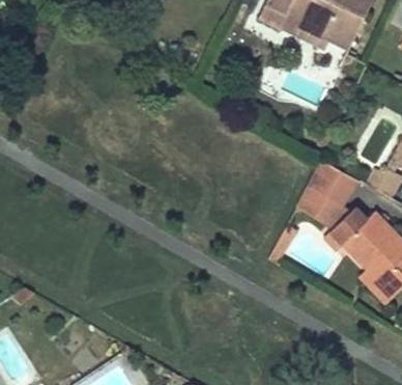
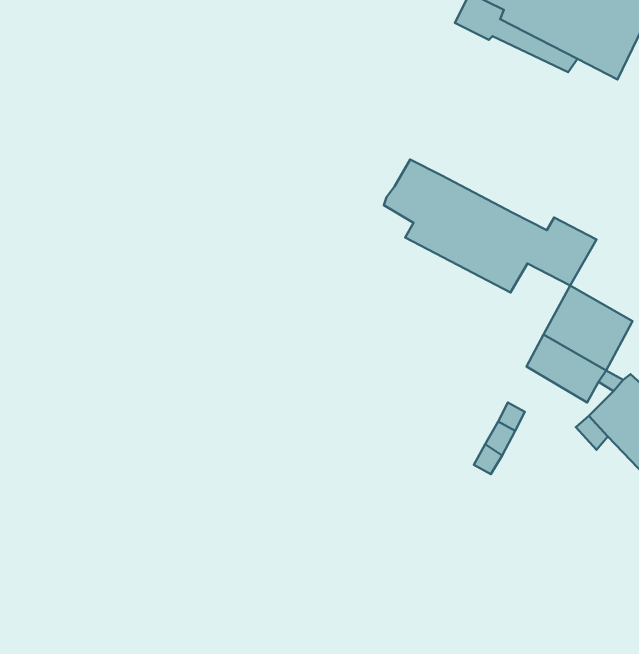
building: none -> [384,159,597,293]

